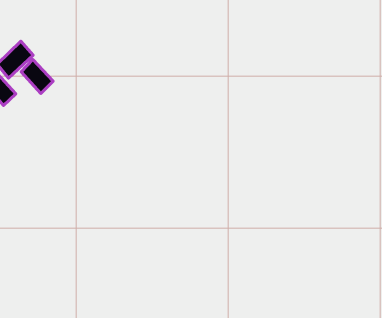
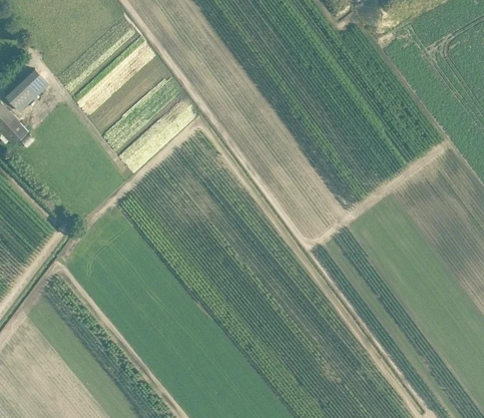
building: [21,60,53,93] -> none

